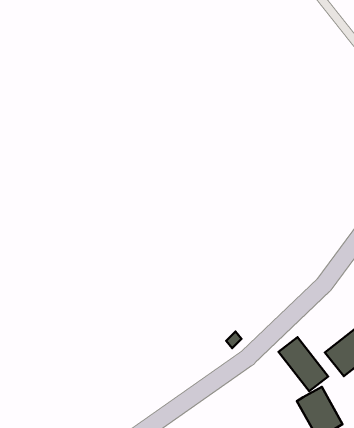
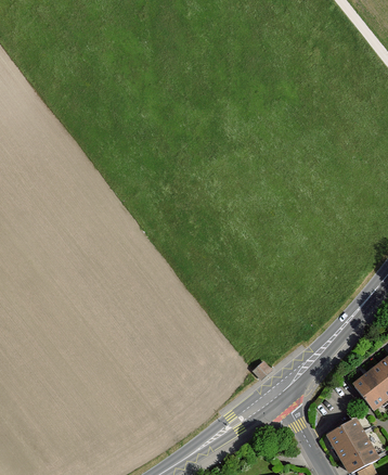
building: [279,337,328,391] -> none

